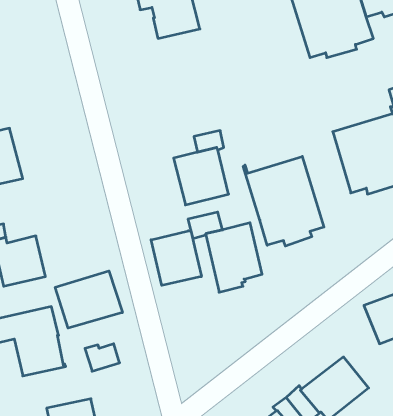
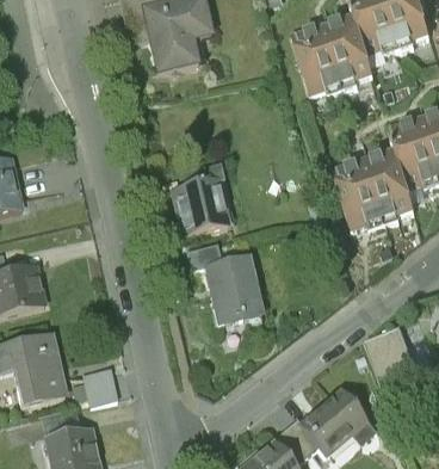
building: [243,156,324,246] -> none
building: [151,231,201,285] -> none
building: [55,271,122,328] -> none

